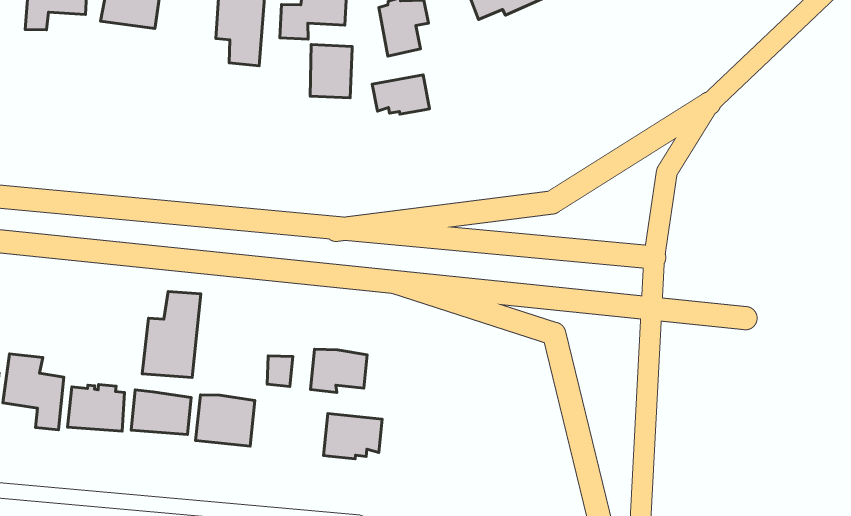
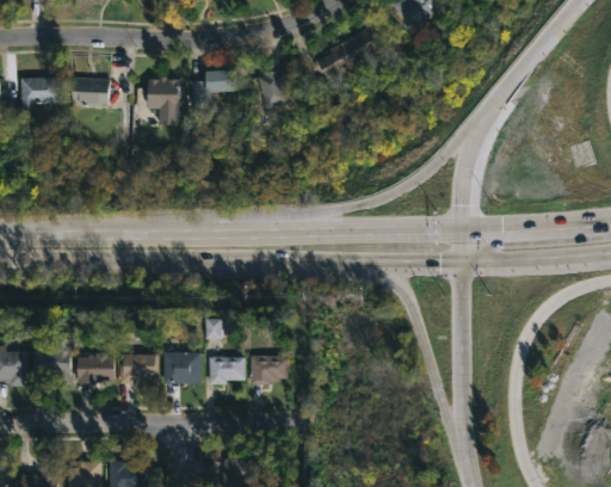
building: [310,44,352,98] -> none
building: [372,75,429,114] -> none
building: [142,291,201,378] -> none
building: [310,349,367,392] -> [209,356,245,384]

